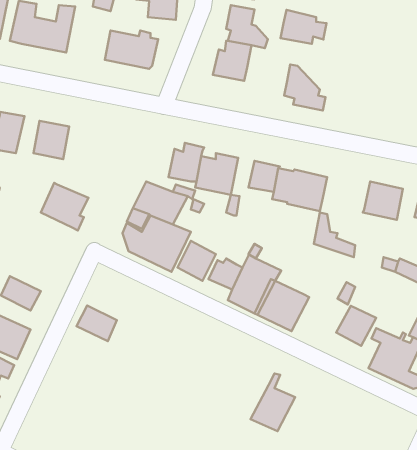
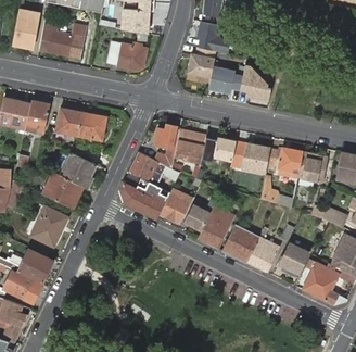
building: [281,10,327,44] -> [207,68,241,93]
building: none -> [77,112,106,140]
building: none -> [267,148,302,176]
building: none -> [43,173,84,208]
building: [77,305,117,341] -> [38,206,67,232]
building: [251,373,295,431] -> [244,228,277,271]

